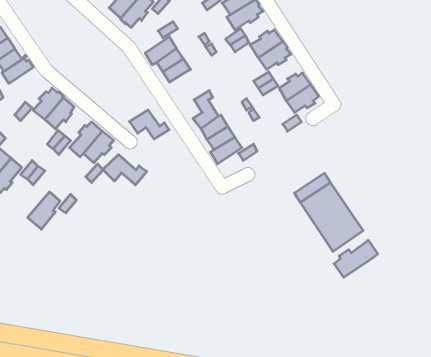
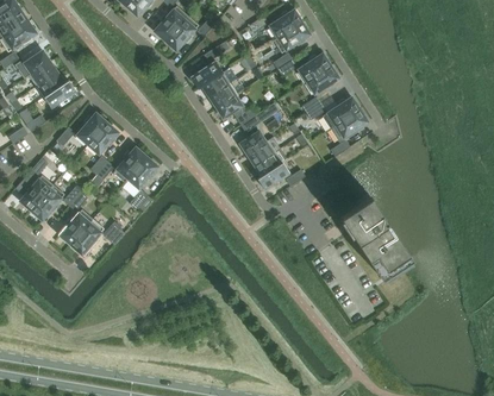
building: [129,110,169,139] -> [215,95,256,125]
building: [103,155,147,185] -> none
building: none -> [60,209,93,245]
building: [334,240,378,277] -> none

